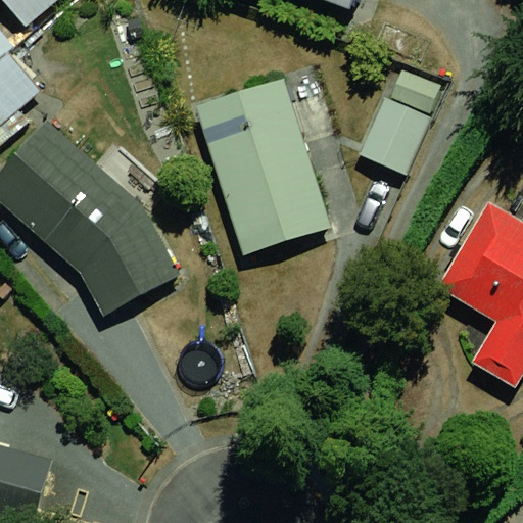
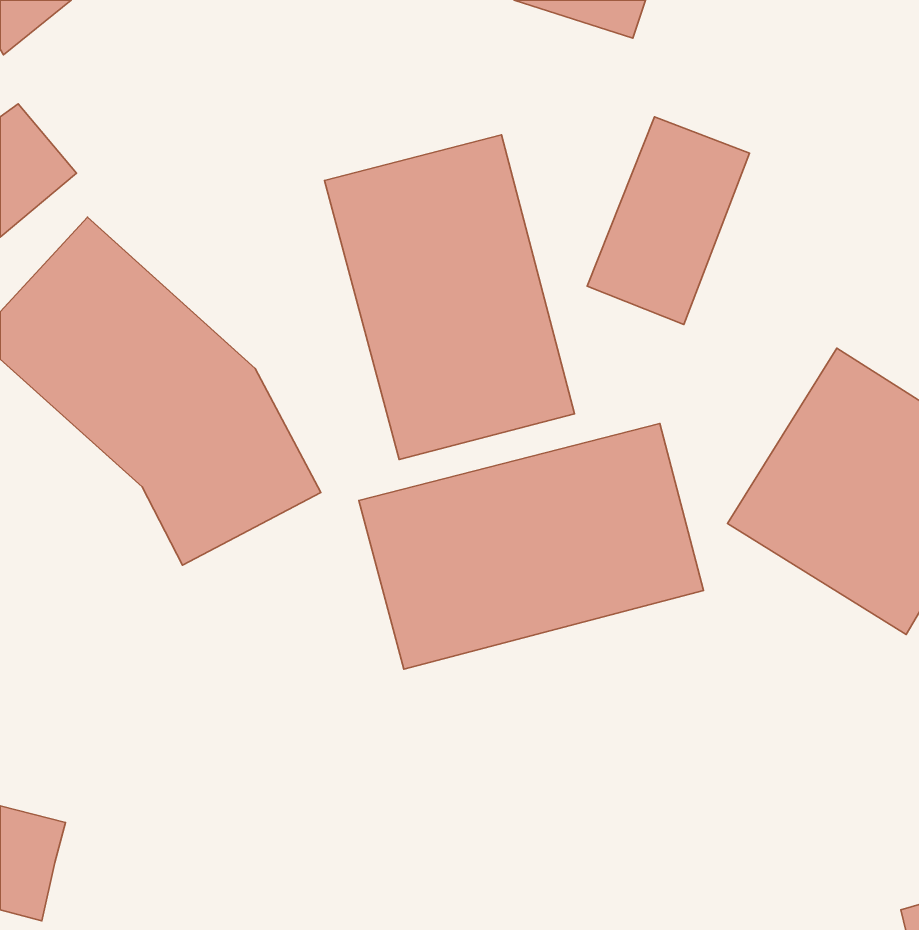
building: none -> [359,424,704,669]

